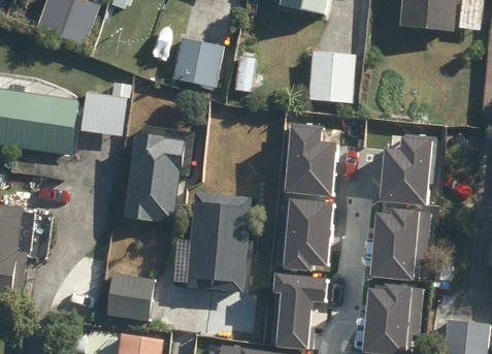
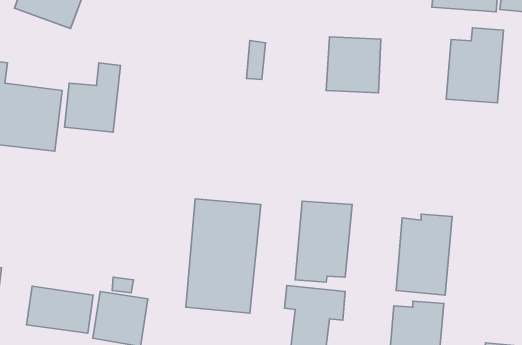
building: [174,37,225,85] -> none
building: [285,122,334,191] -> none
building: [125,134,185,220] -> none
building: [380,135,429,200] -> [446,28,503,103]
building: none -> [26,286,93,333]

